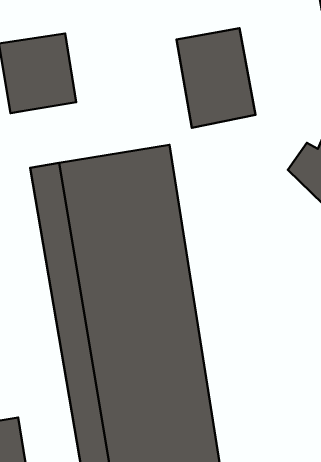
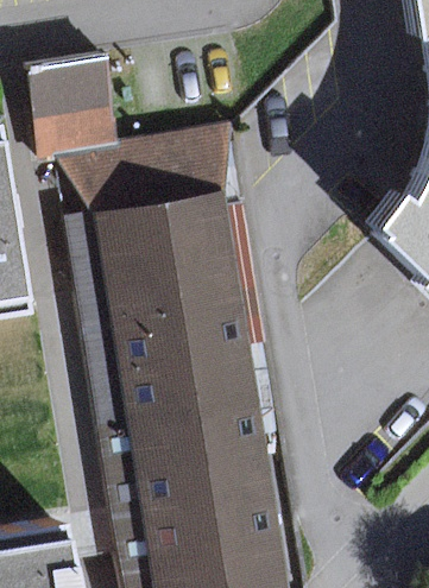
building: [176,28,256,128] -> none
building: none -> [61,132,240,226]

